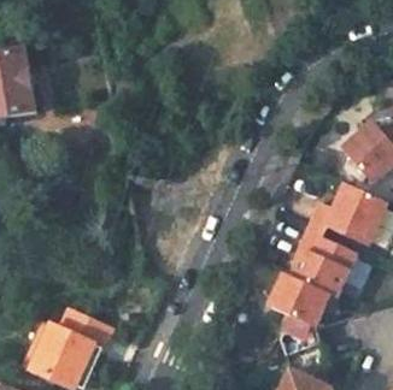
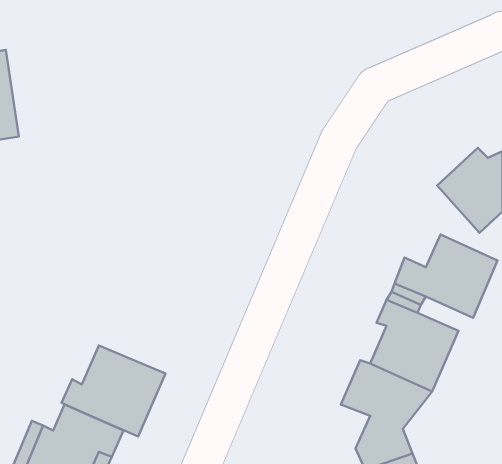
building: none -> [62,345,166,436]

